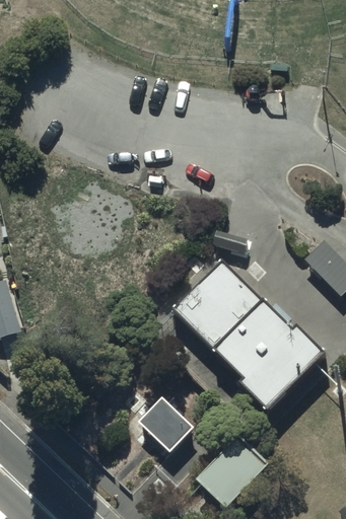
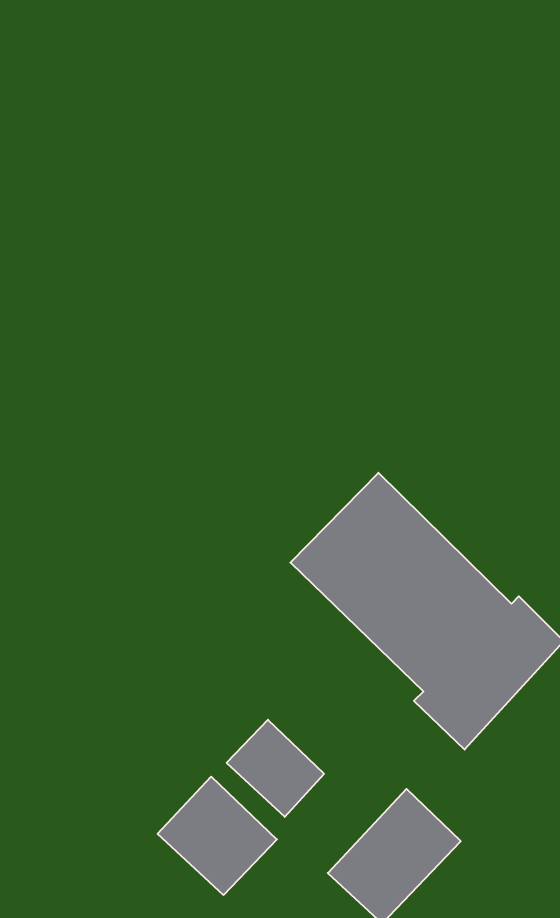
building: none -> [158,777,277,895]

